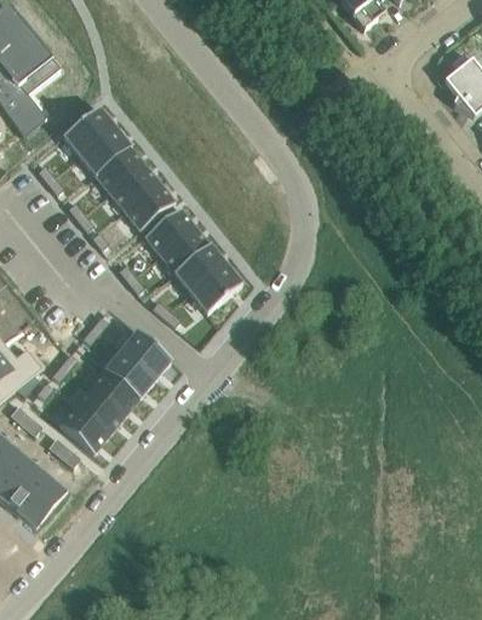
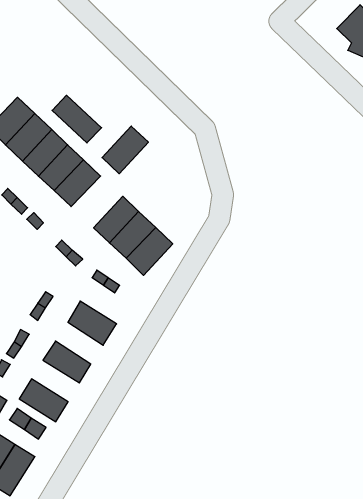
building: none -> [52,95,102,143]
building: [144,206,195,254] -> [102,126,148,174]
building: [104,350,154,397] -> none
building: [74,386,124,434] -> none

